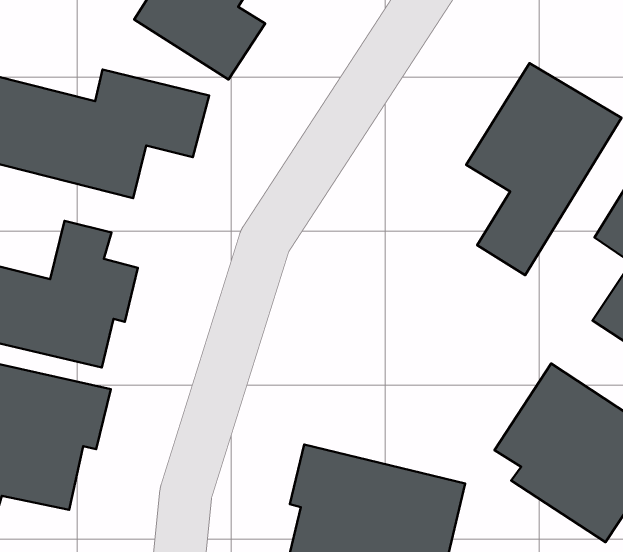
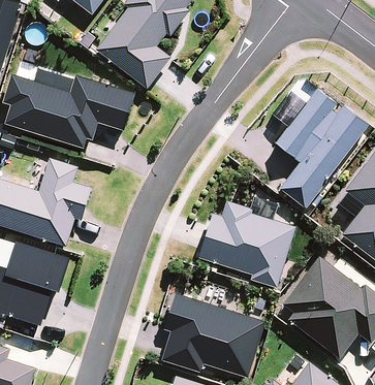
building: none -> [199,203,294,286]

